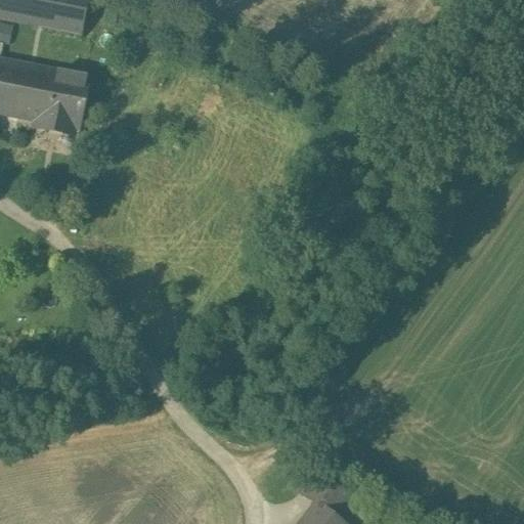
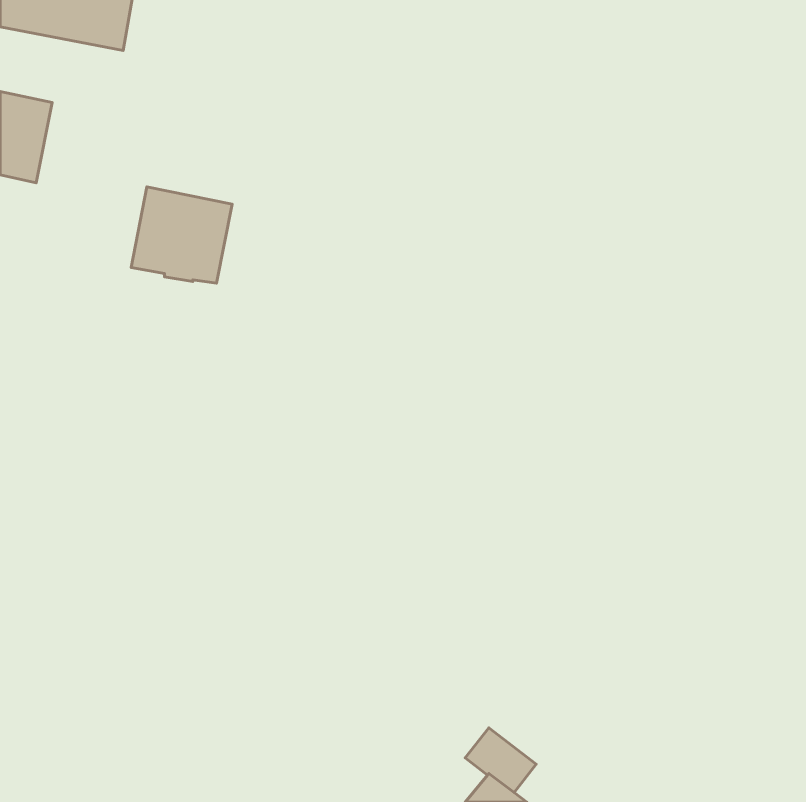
building: [24,67,89,129] -> [131,187,232,283]

